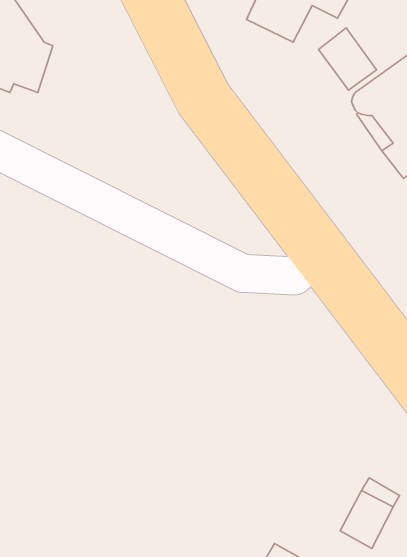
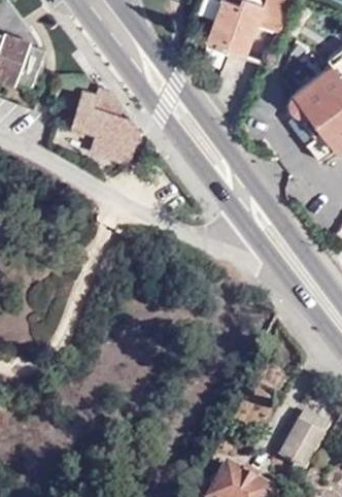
building: [318,28,377,90] -> none
building: none -> [68,93,140,164]

